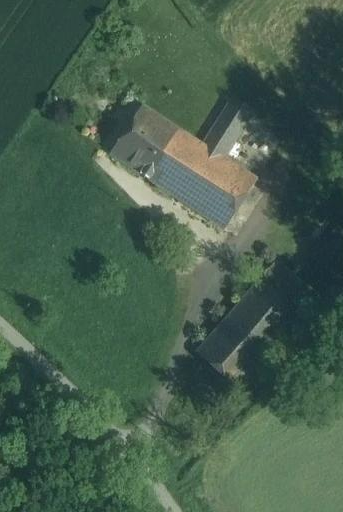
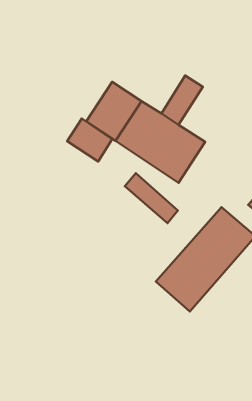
building: none -> [67,119,112,162]
building: none -> [125,173,178,223]

